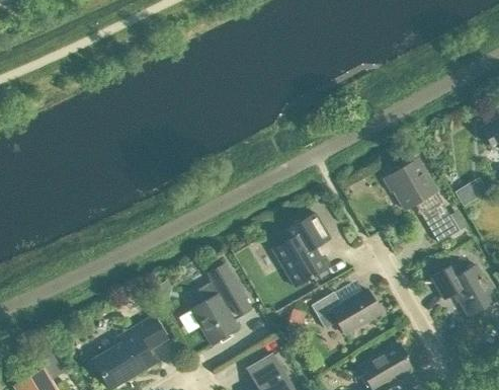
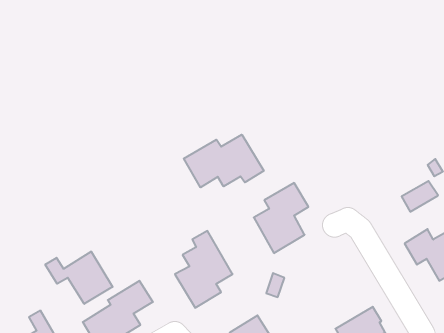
building: [384,158,442,212] -> none
building: none -> [184,135,264,187]
building: none -> [45,251,113,304]
building: [312,289,381,334] -> none

